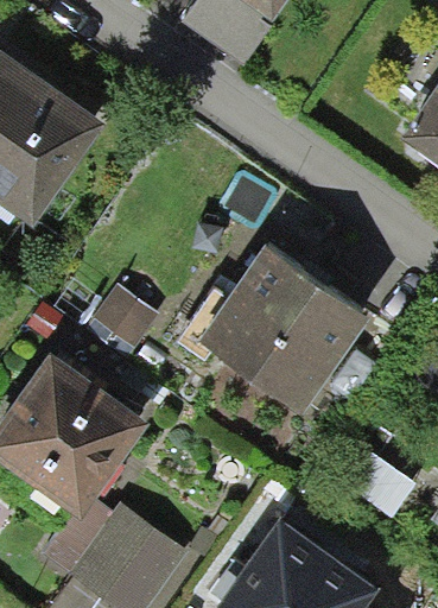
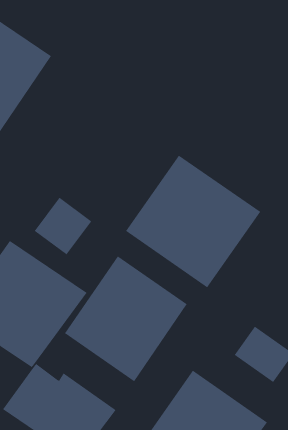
building: none -> [64,255,188,382]

